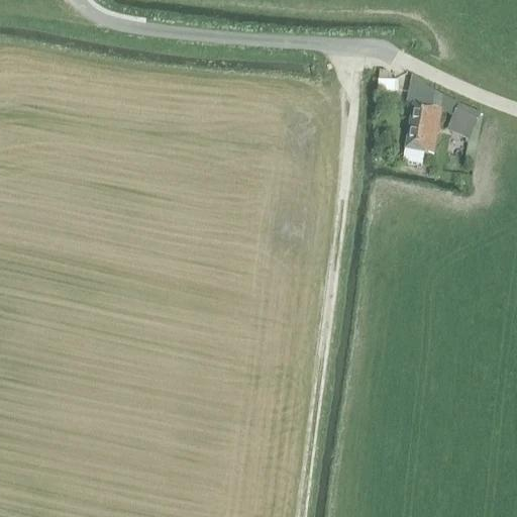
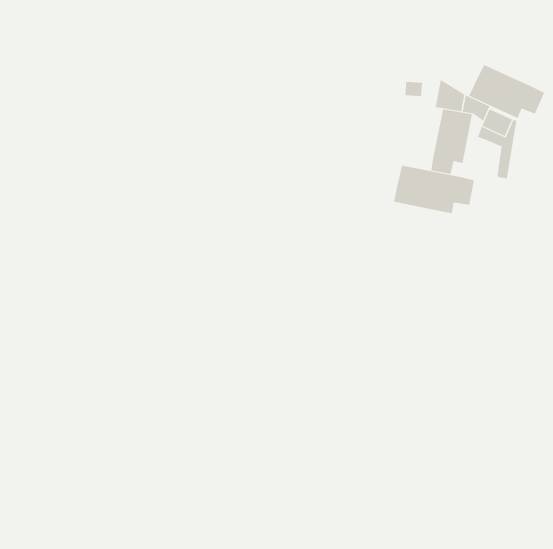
building: none -> [469,64,545,119]
building: none -> [393,165,474,214]

